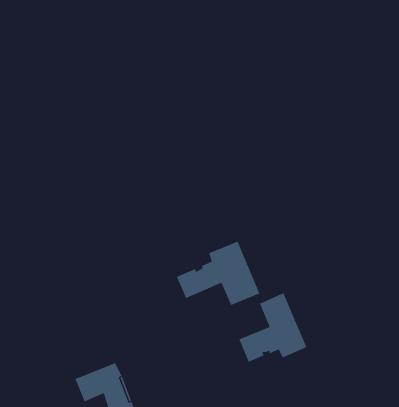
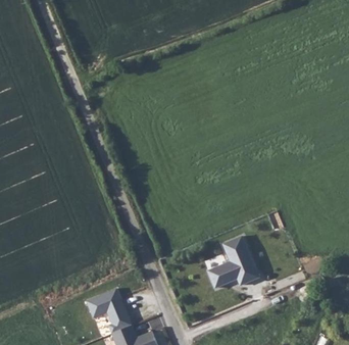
building: [176,241,260,306] -> none

